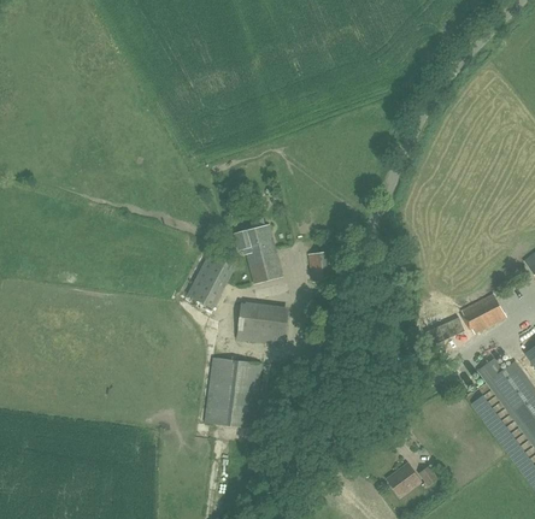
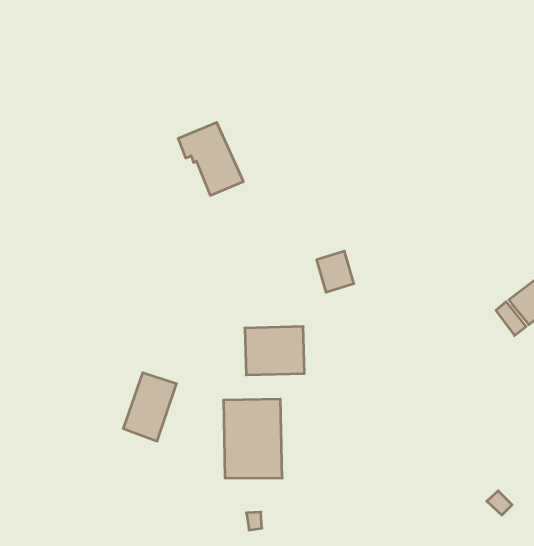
building: [234,225,282,284] -> [178,122,243,195]
building: [186,252,235,309] -> [123,373,177,441]
building: [387,465,419,496] -> none

